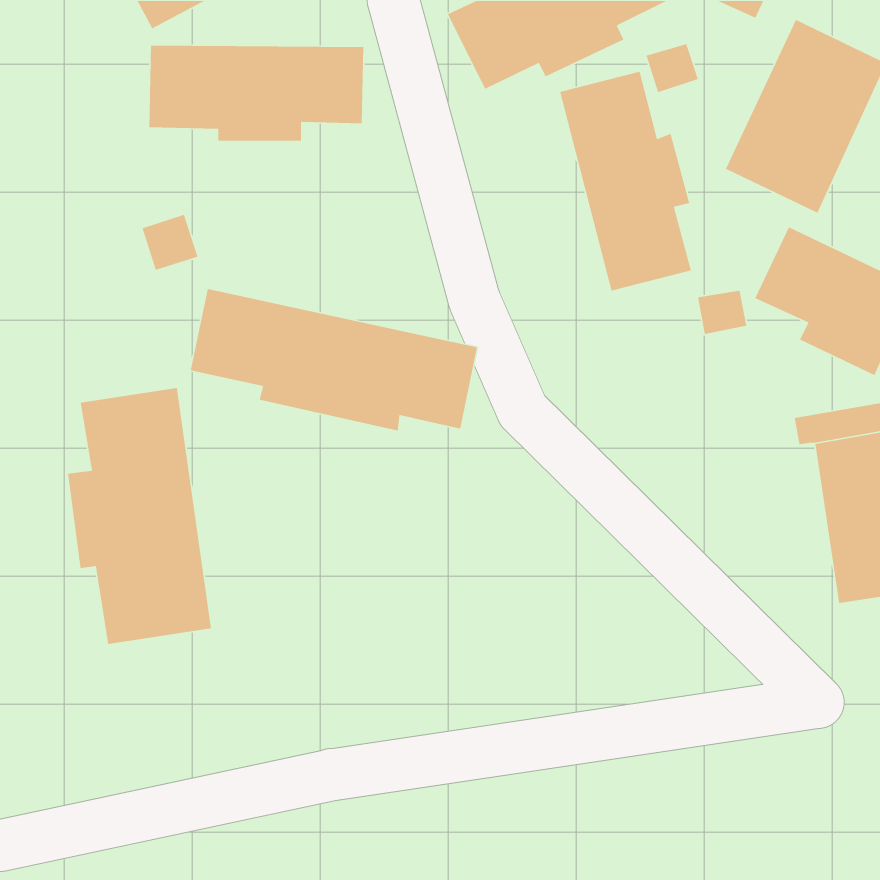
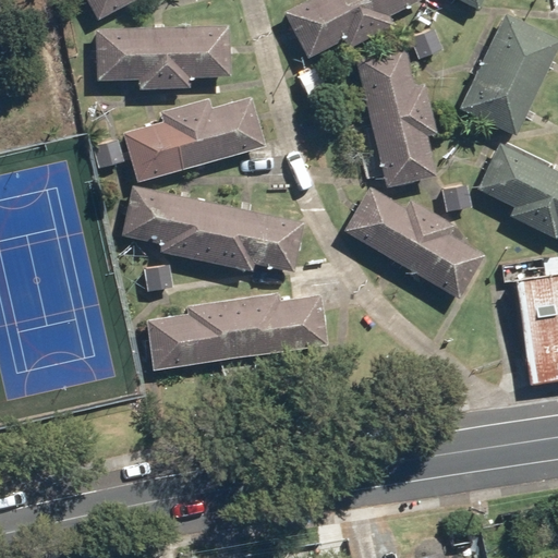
building: none -> [125,95,266,182]
building: none -> [345,189,485,298]
building: [67,387,212,645] -> none
building: none -> [148,291,326,369]

